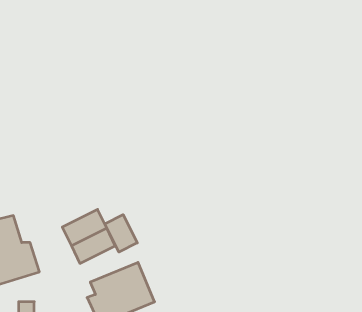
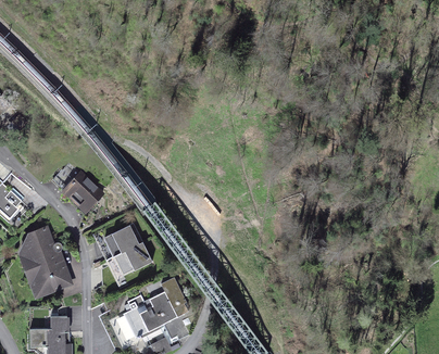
building: none -> [62,170,105,214]
building: [105,215,137,252] -> none

